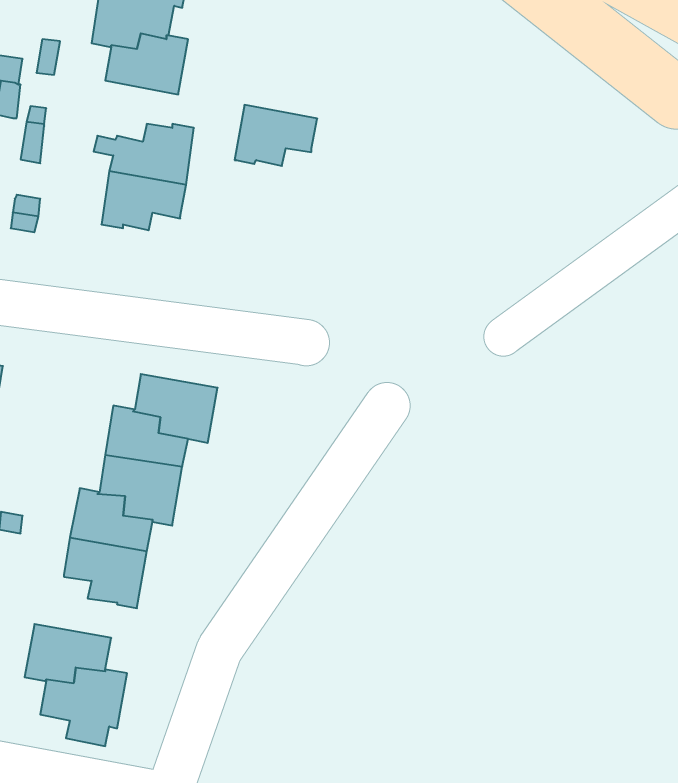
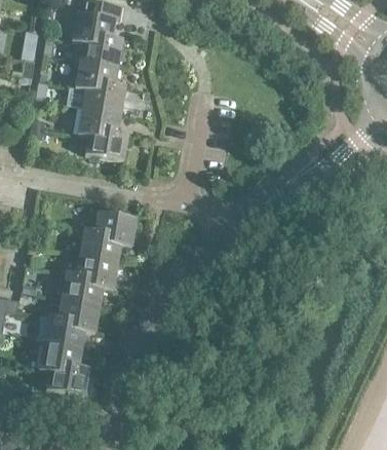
building: [235,105,317,166] -> [73,59,116,90]
building: none -> [84,127,127,160]
building: none -> [41,314,84,349]

